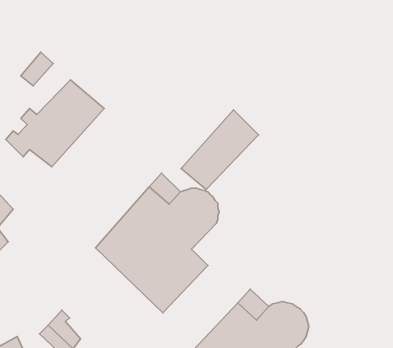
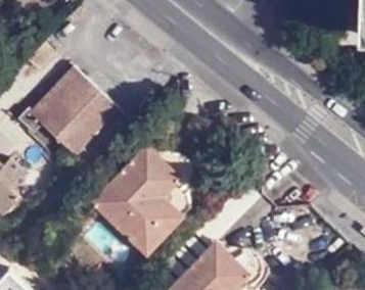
building: [181,110,259,190] -> [55,90,119,155]

